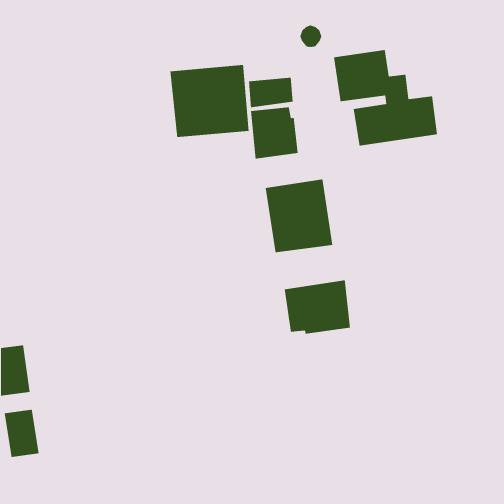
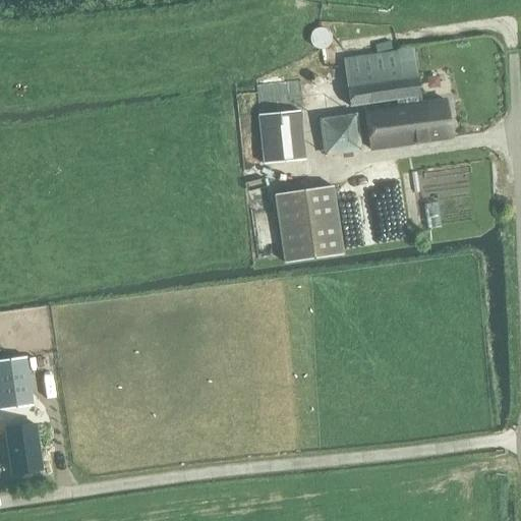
building: [170,64,249,138] -> none
building: none -> [317,111,362,155]
building: [284,280,350,334] -> none

